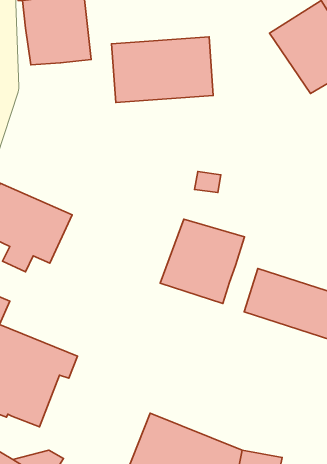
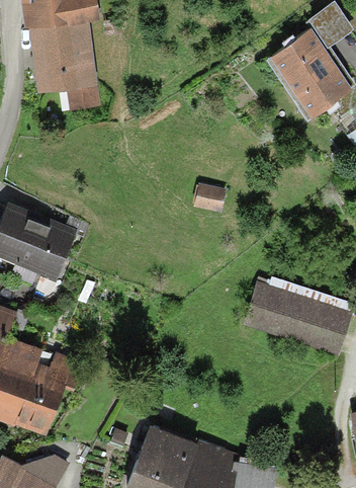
building: [112,37,213,103] -> none
building: none -> [67,83,101,113]
building: [160,219,244,303] -> none

